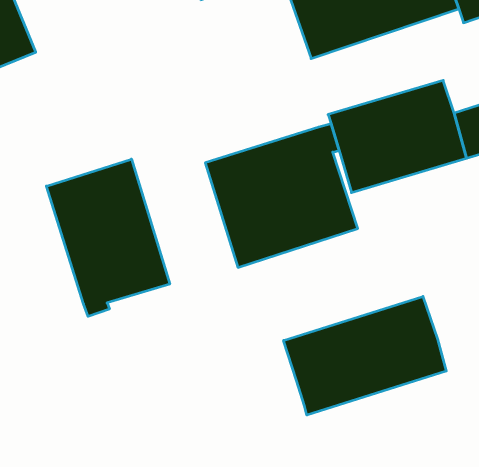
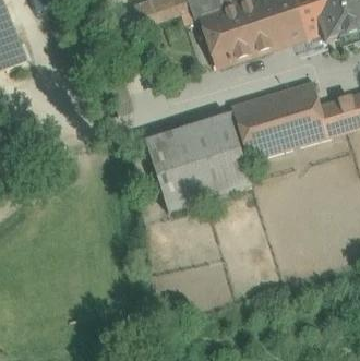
building: [46,159,170,316] -> none
building: [284,296,446,415] -> none

